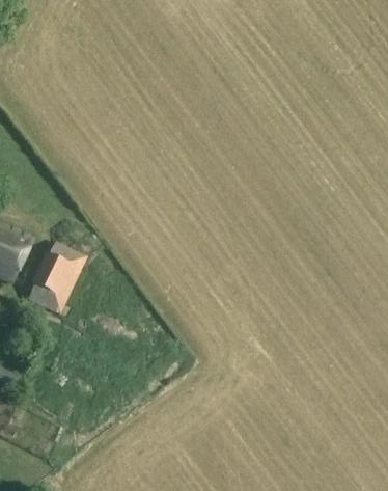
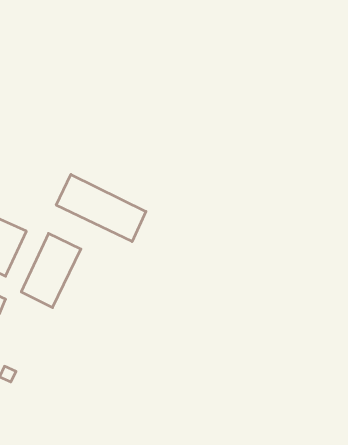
building: none -> [56,174,146,242]

